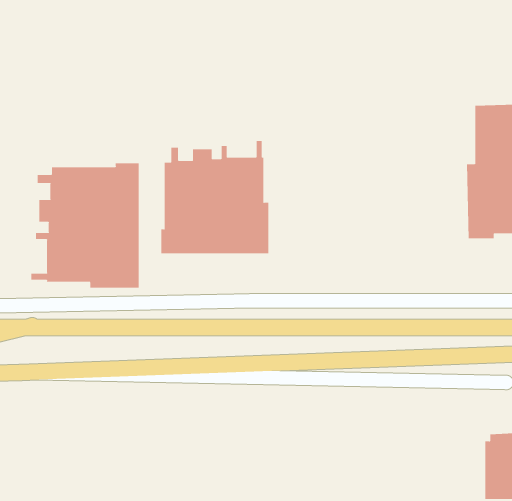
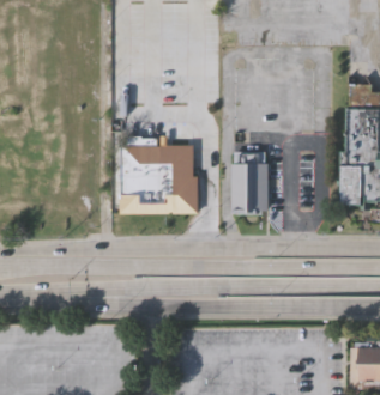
building: [31,163,139,288] -> none
building: none -> [222,152,269,214]

